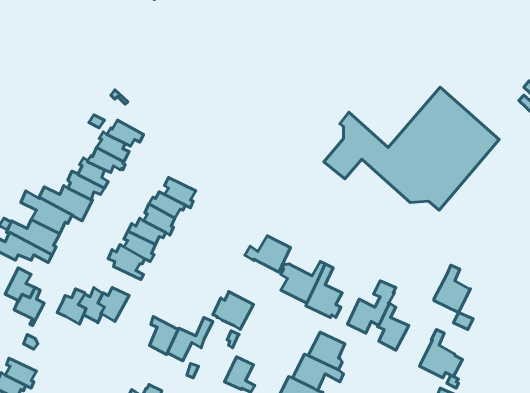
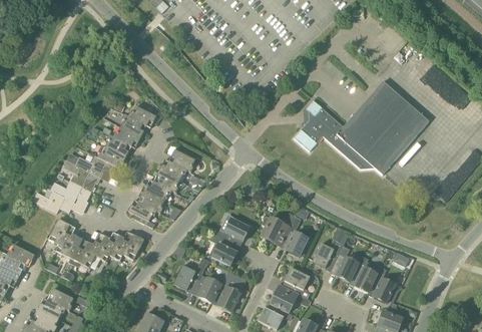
building: [245,236,291,272] -> [213,219,249,247]
building: [434,265,470,312] -> [349,256,377,292]
building: none -> [70,241,95,268]
building: [149,317,178,355] -> [198,274,220,303]

